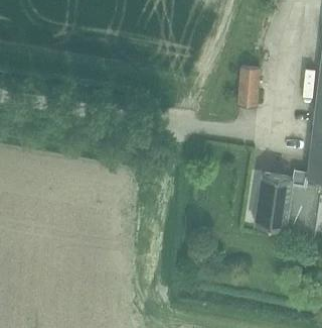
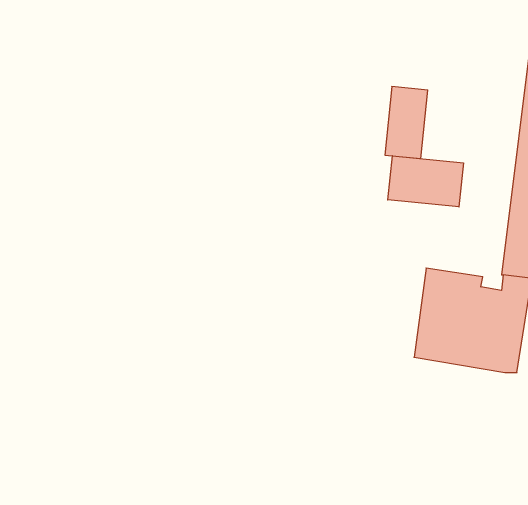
building: none -> [388,156,463,207]

